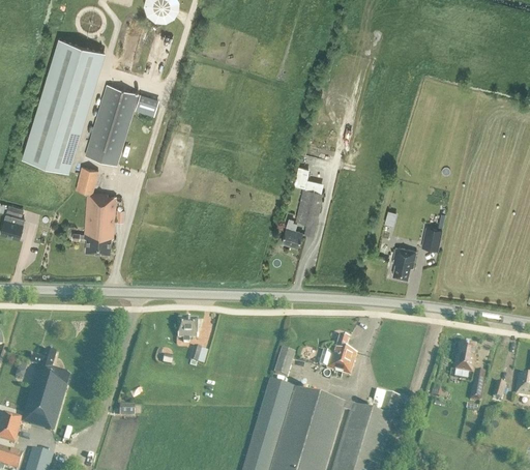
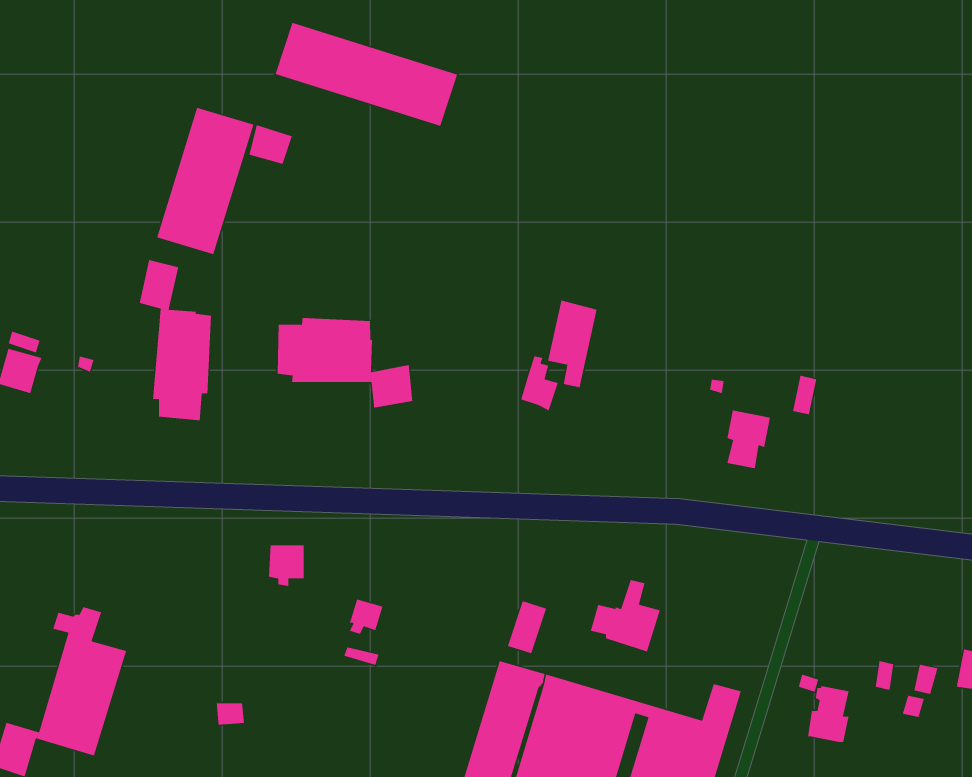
building: none -> [275,22,458,127]
building: [23,38,104,171] -> none
building: none -> [277,317,413,409]
building: [177,321,197,344] -> [268,544,305,587]
building: [452,344,475,375] -> [807,685,850,743]

